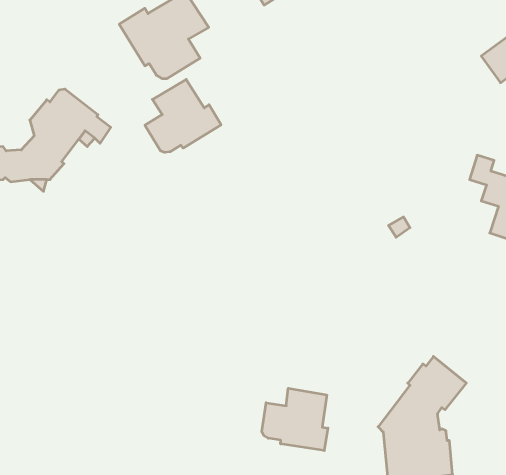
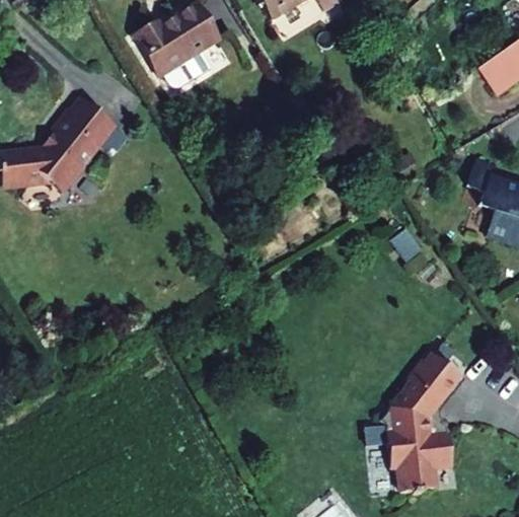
building: [145,79,221,152] -> none
building: [262,388,328,451] -> none

